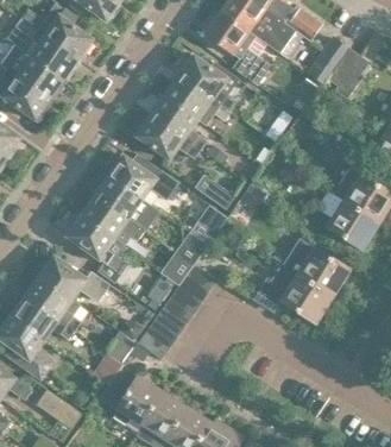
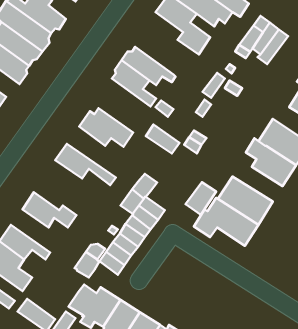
building: [179,52,237,111] -> none
building: [133,115,198,159] -> none
building: [95,175,150,229] -> none
building: [188,203,226,244] -> [185,182,216,215]
building: [67,216,124,279] -> none
building: [26,277,94,339] -> none

